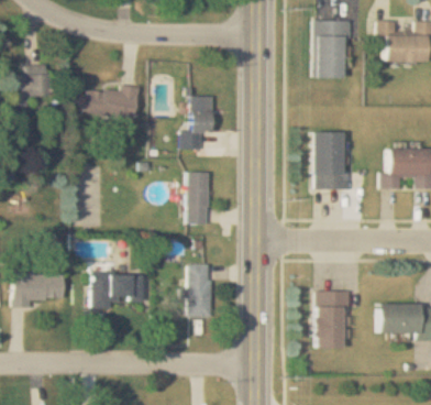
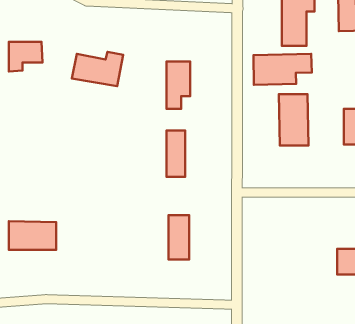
building: none -> [253,54,312,85]
building: [91,272,146,308] -> none
building: [316,291,346,347] -> none

